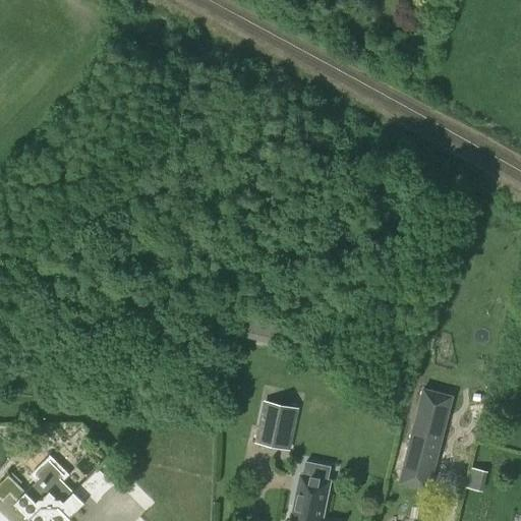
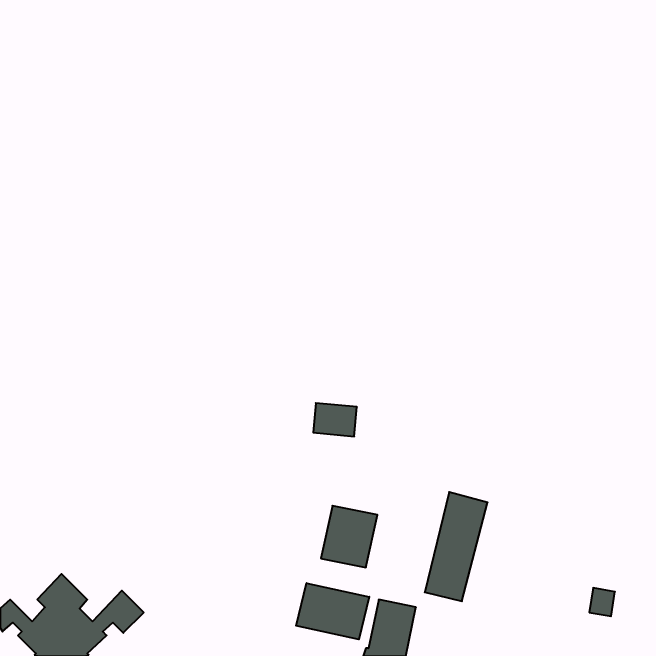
building: [402,389,452,475] -> [425,492,488,601]
building: none -> [296,583,369,639]

